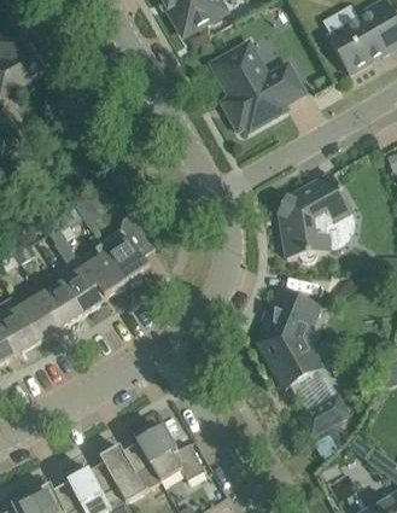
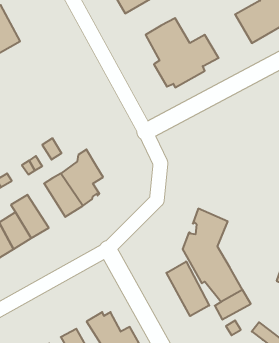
building: [278,173,352,260] -> none
building: [56,256,105,314] -> none
building: none -> [166,261,209,316]

